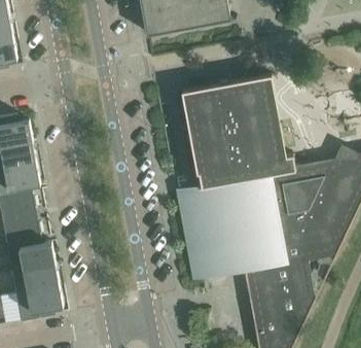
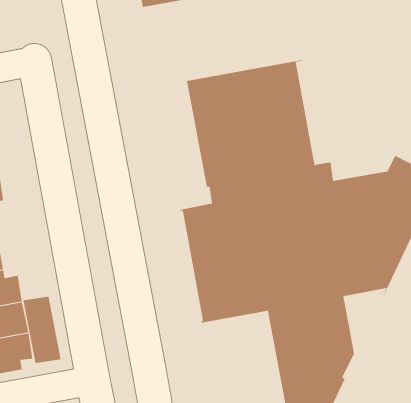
building: none -> [23,296,61,364]

